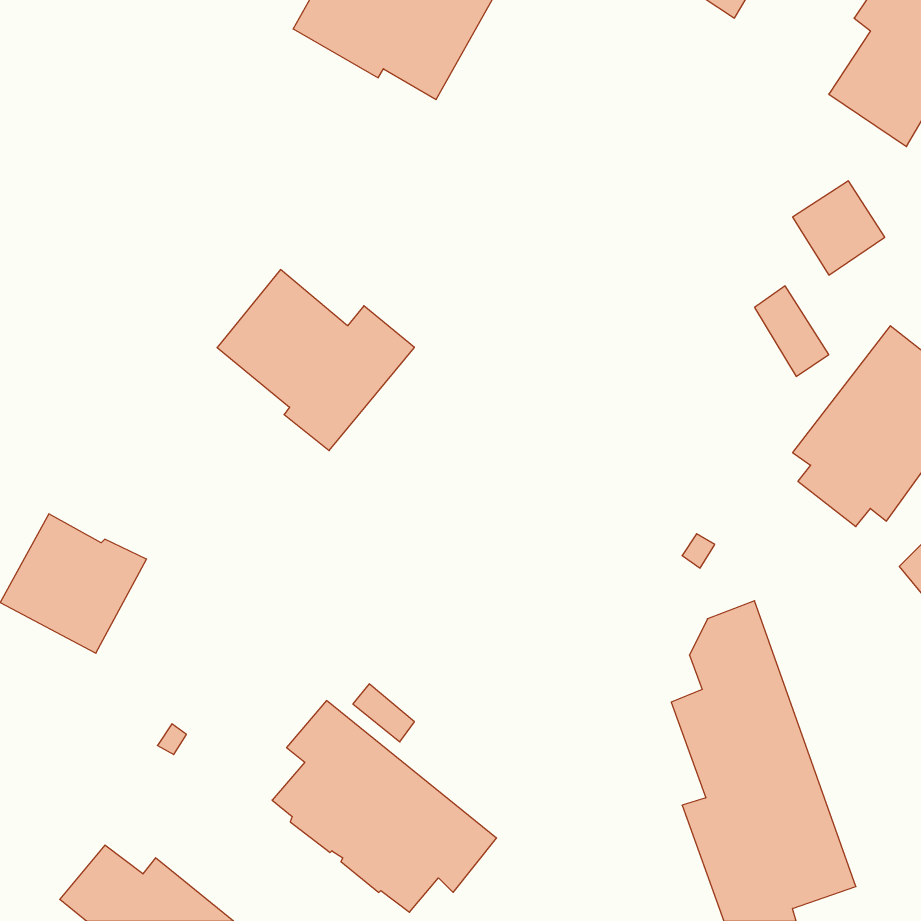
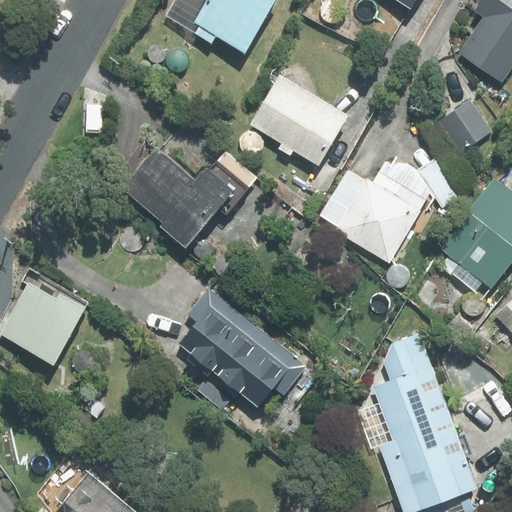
building: none -> [251,76,346,165]
building: none -> [319,171,426,262]
building: [272,701,497,912] -> [180,289,304,406]

